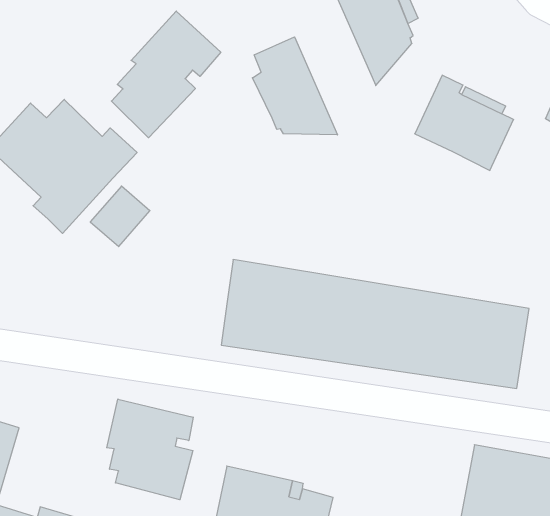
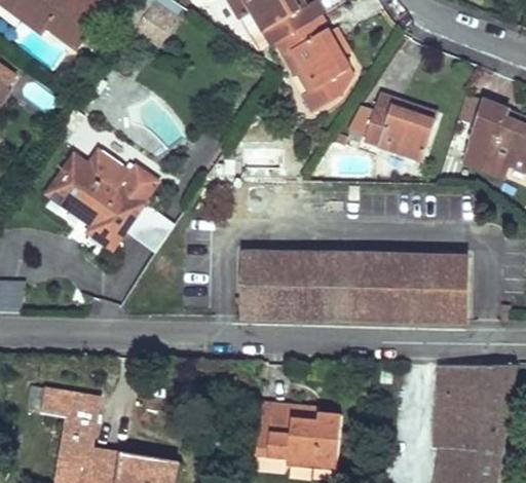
building: [111,11,221,138] -> none
building: [252,37,337,135] -> none
building: [107,399,193,500] -> none

